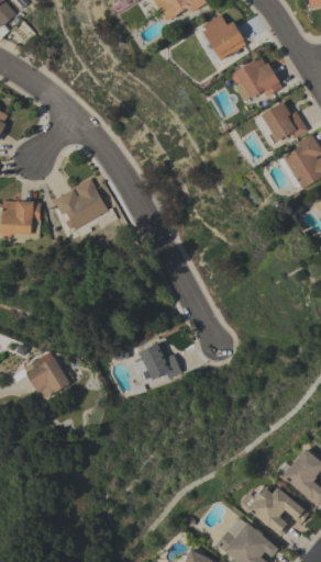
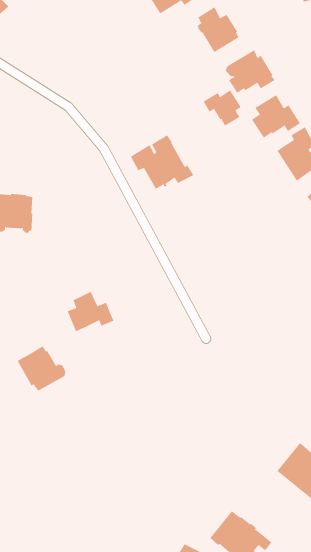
building: none -> [203,90,242,127]
building: [53,178,117,233] -> [130,134,194,189]
building: [133,342,180,383] -> [67,291,114,332]
building: [241,486,309,535] -> none

